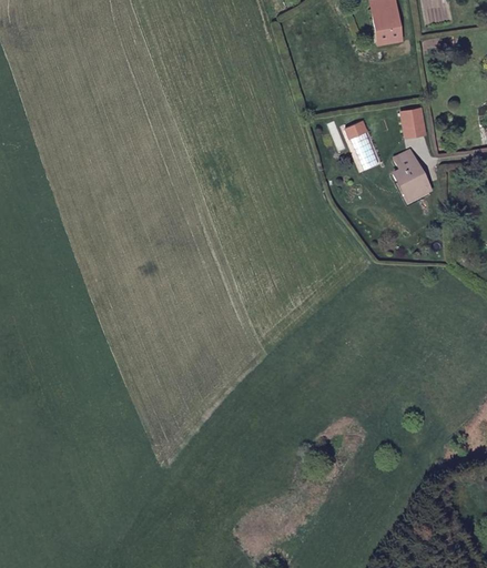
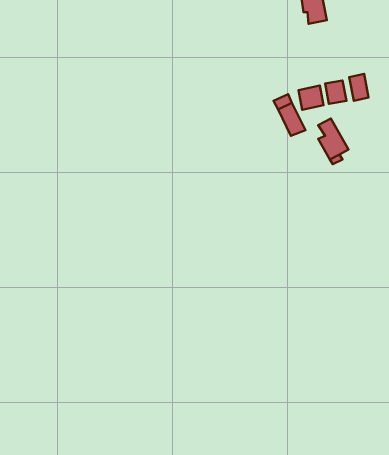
building: none -> [349,74,369,101]
building: none -> [298,86,324,110]

